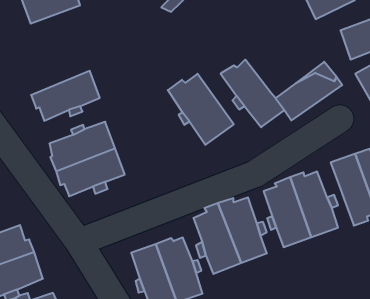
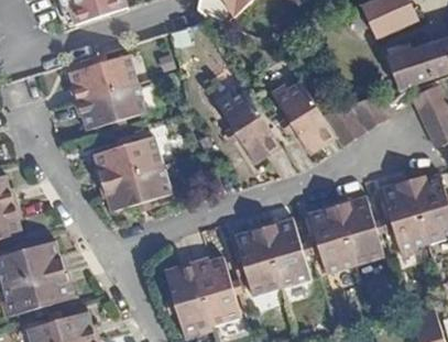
building: none -> [65,52,134,102]

